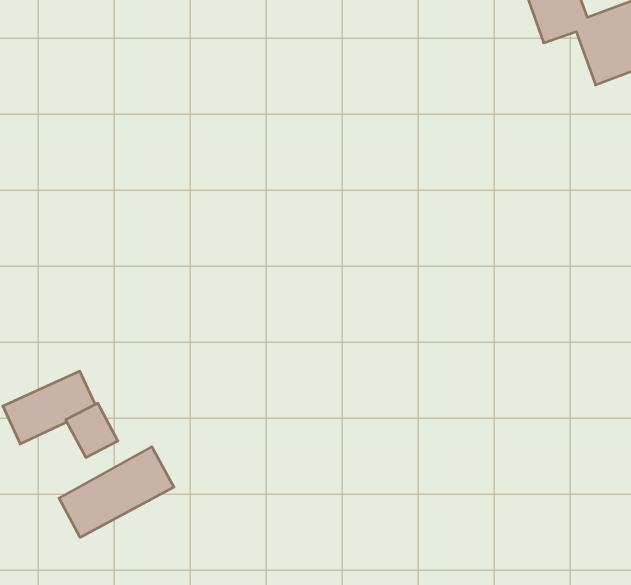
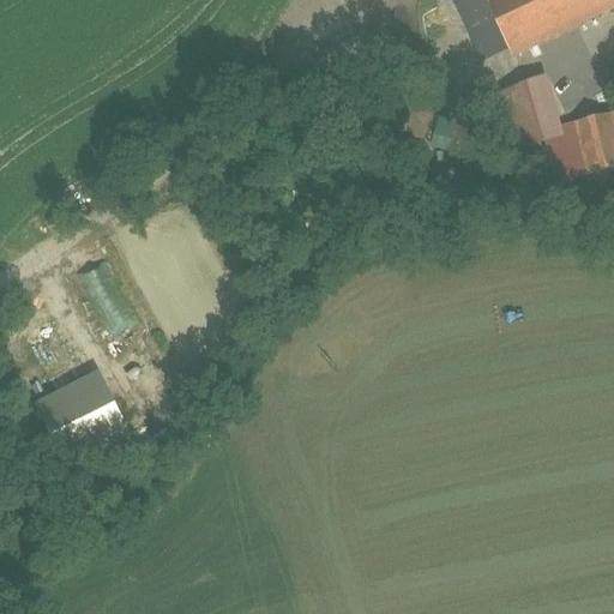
building: [59,447,174,537] -> none

